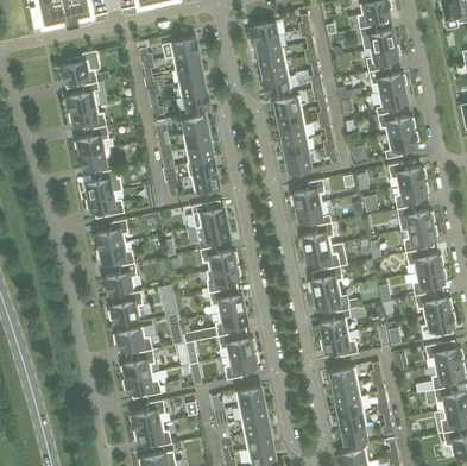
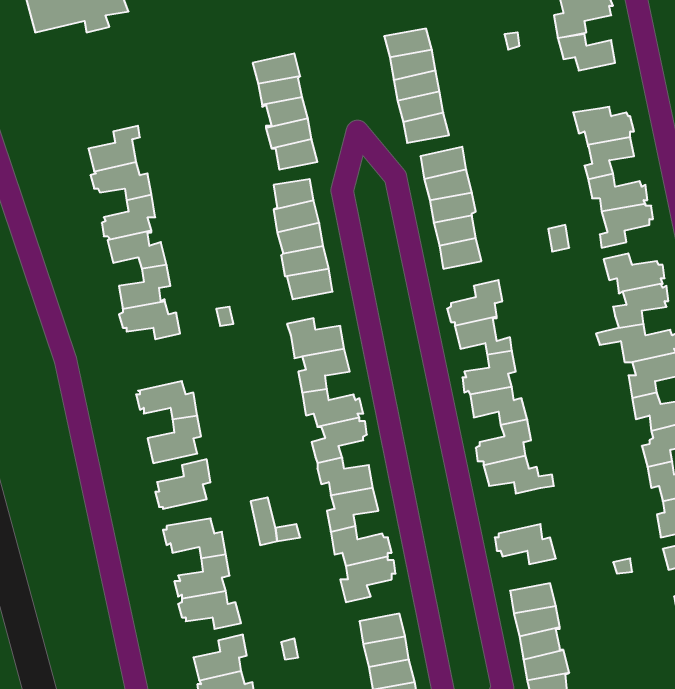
building: [366,43,400,74] -> none
building: [61,56,97,86] -> none
building: [95,219,128,247] -> none
building: [318,308,349,336] -> none

